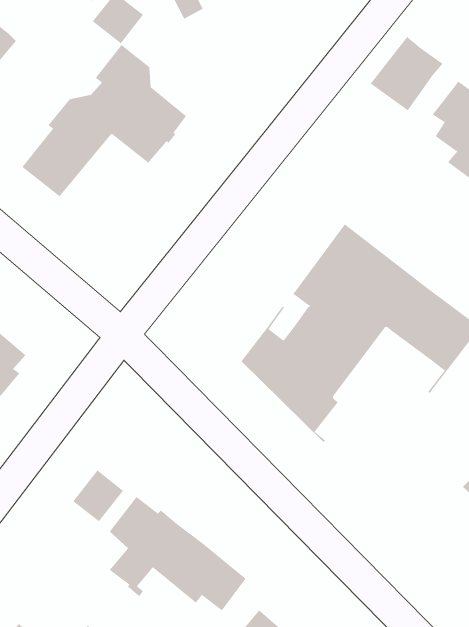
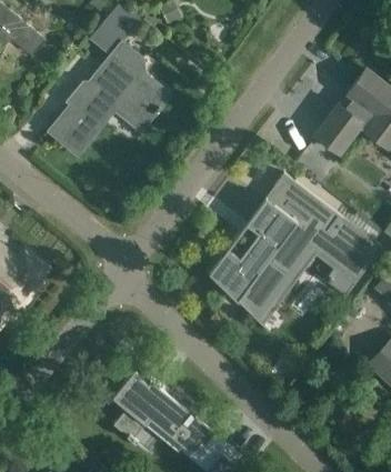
building: [370,36,443,111] -> [311,101,364,155]
building: [72,470,124,522] -> none

